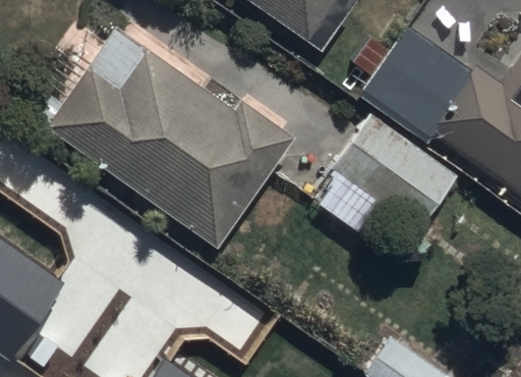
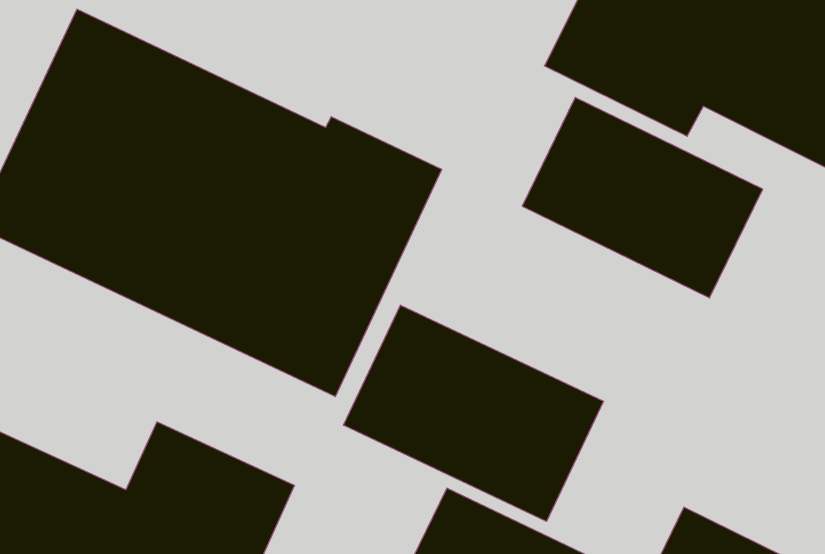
building: none -> [343,305,604,521]

